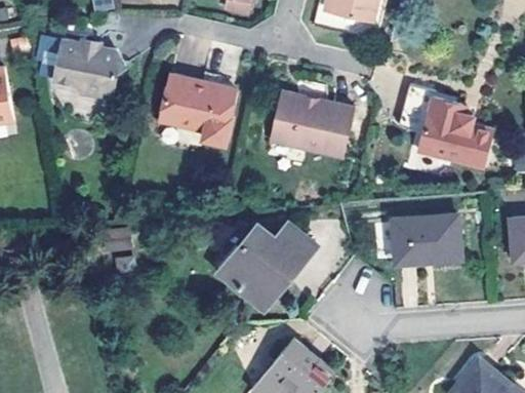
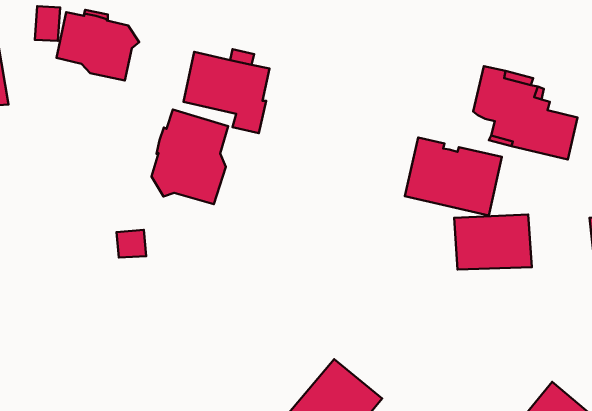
building: [273,90,356,157] -> [405,138,502,215]
building: none -> [151,110,228,204]
building: [218,222,315,307] -> none

